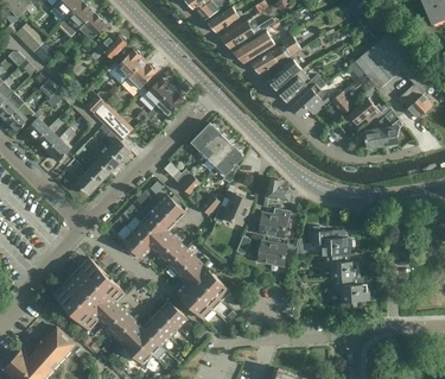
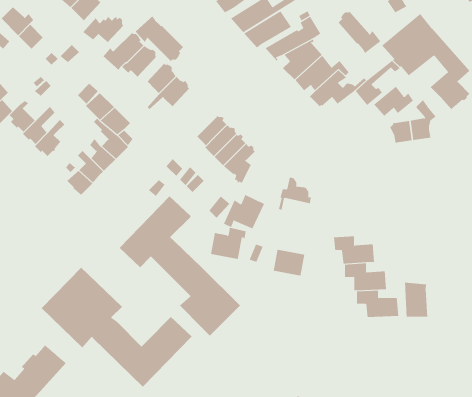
building: none -> [338,11,381,54]
building: none -> [135,15,184,62]
building: [258,209,290,238] -> [210,227,246,259]
building: none -> [404,282,428,318]

